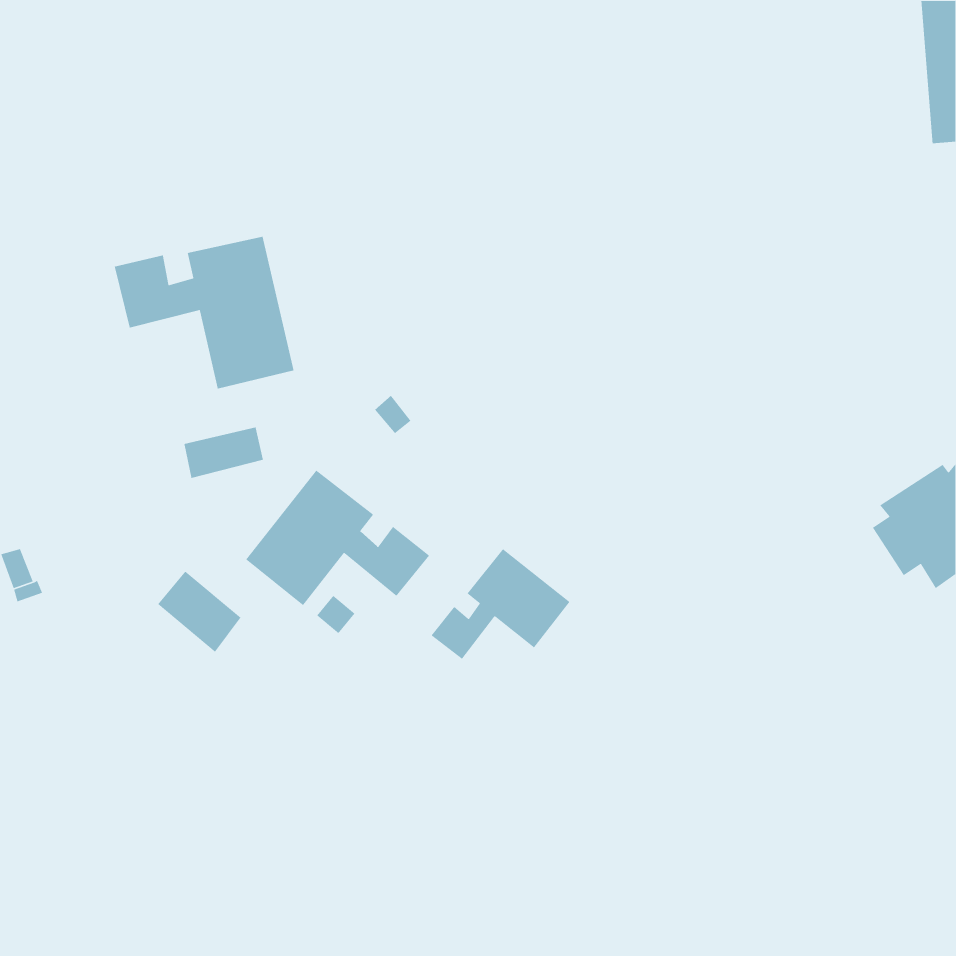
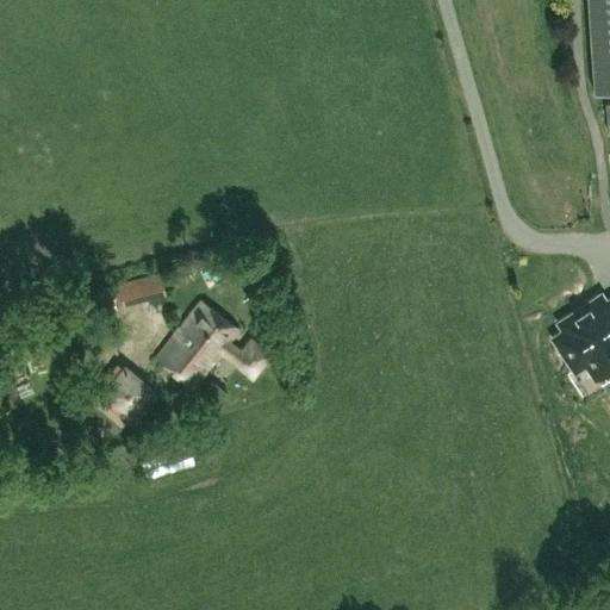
building: [114,236,294,389] -> none
building: [431,548,570,660] -> none

